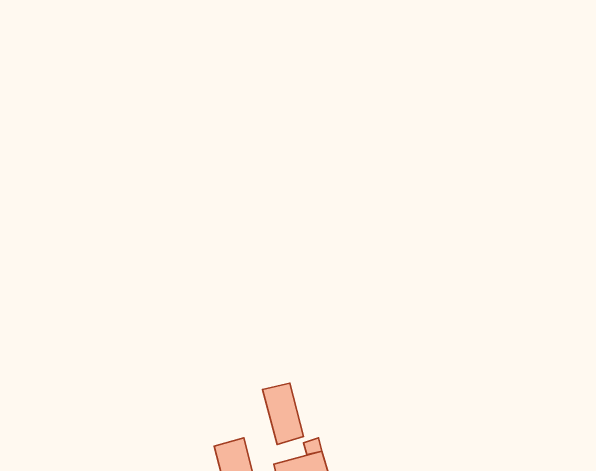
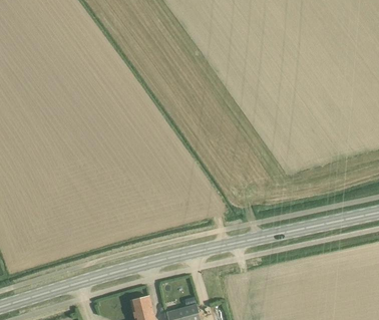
building: [263,383,304,444] -> none

